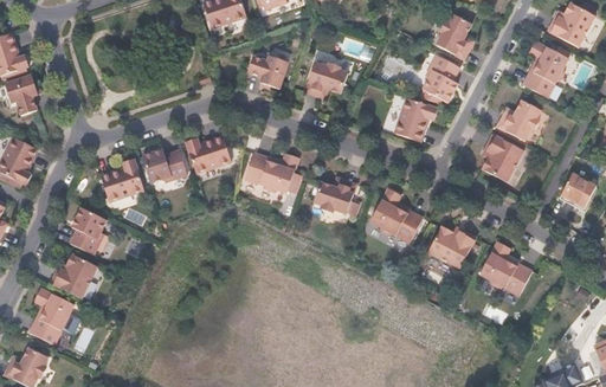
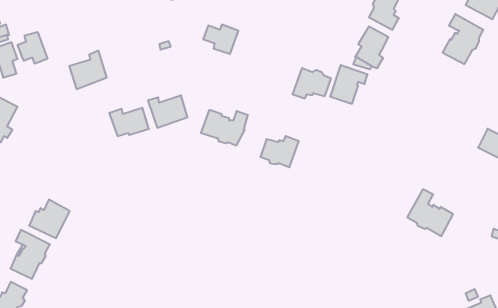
building: [305,62,349,96] -> [292,68,331,98]
building: none -> [18,32,47,64]
building: [495,101,540,142] -> none
building: [481,136,522,183] -> none
building: [101,157,143,201] -> [69,51,107,89]
building: [372,189,424,243] -> none
building: [71,207,107,254] -> none
building: [430,226,476,266] -> none

